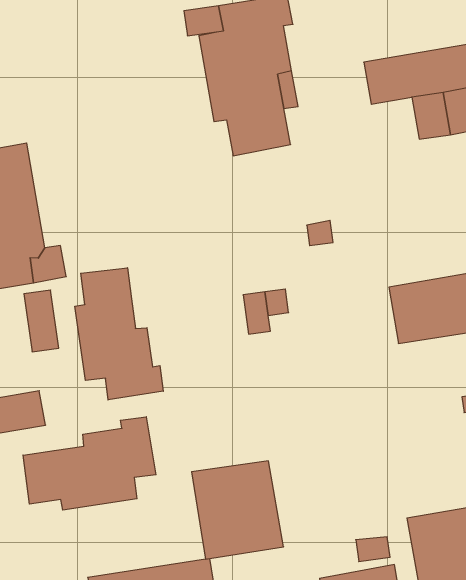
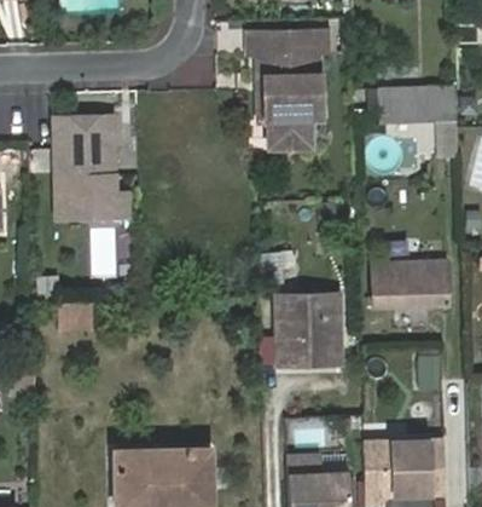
building: [75,268,163,400] -> none
building: [23,417,156,510] -> none
building: [192,461,284,559] -> [279,295,341,363]

